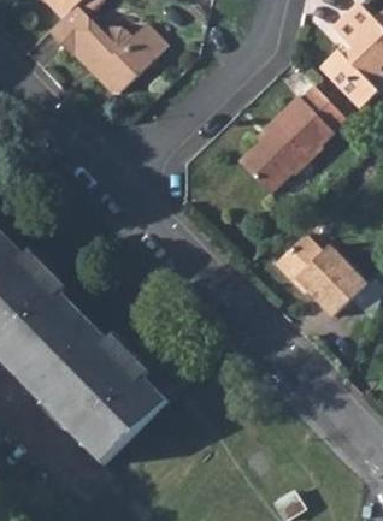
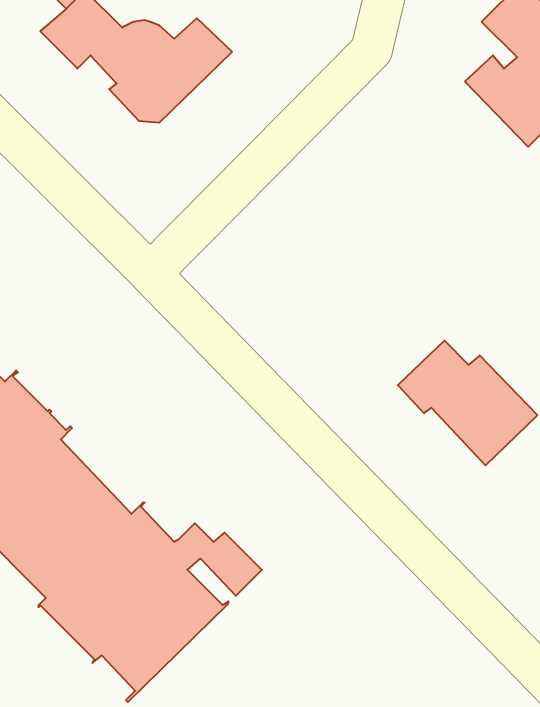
building: [238,84,343,193] -> none

